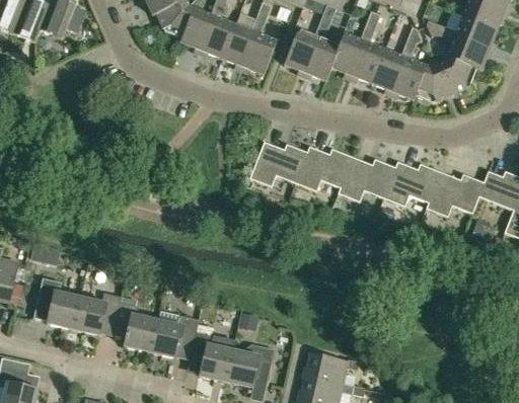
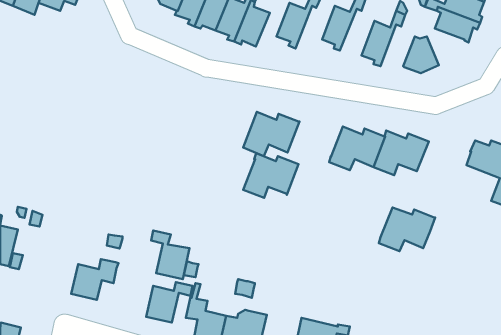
building: [303,33,339,81] -> none
building: [349,36,384,84] -> none
building: [390,53,426,100] -> none
building: [438,57,476,94] -> none
building: [295,146,352,191] -> [243,153,299,198]
building: [426,172,484,217] -> [379,208,435,251]
building: [34,278,80,328] -> none
building: [118,302,157,351] -> [151,230,190,279]

